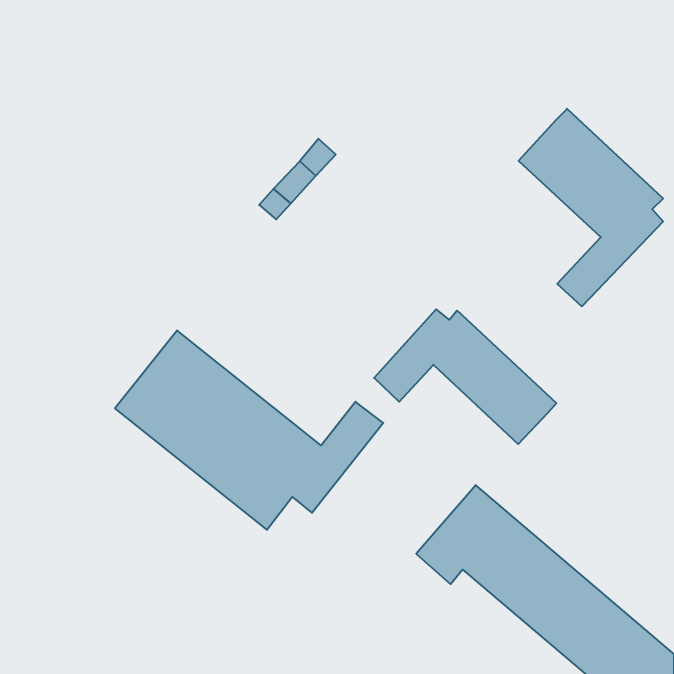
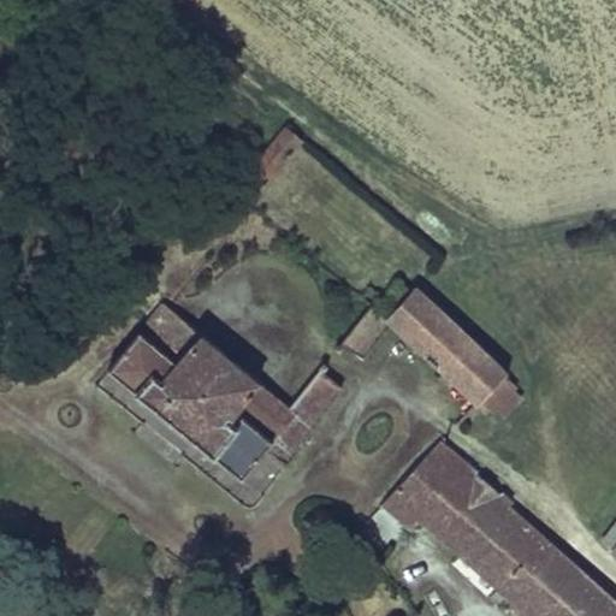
building: [519,109,663,306] -> none
building: none -> [472,377,521,426]

